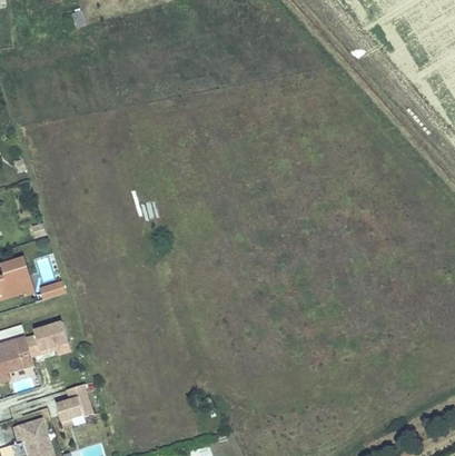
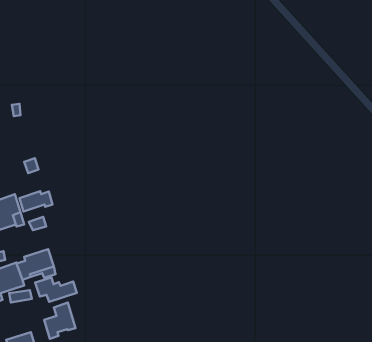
building: none -> [19,191,53,211]
building: none -> [35,278,77,302]

